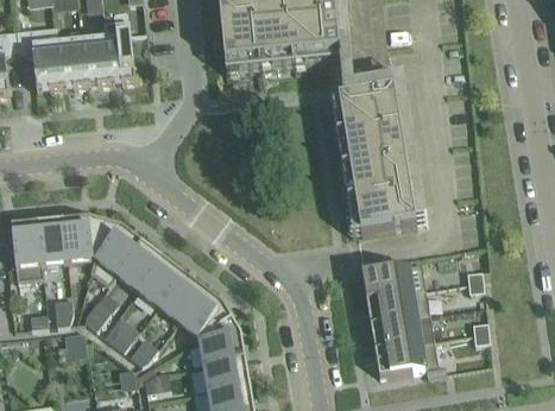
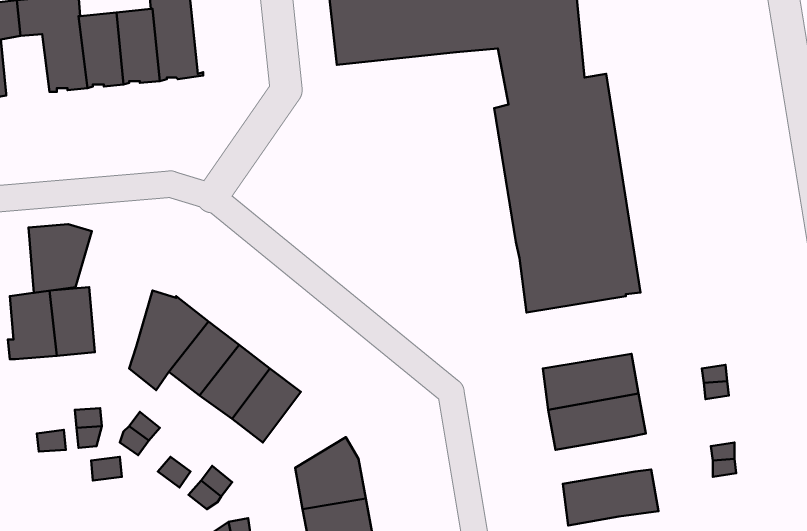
building: [63,216,105,261] -> [28,224,92,293]
building: [177,287,232,337] -> none
building: [370,317,422,348] -> none

